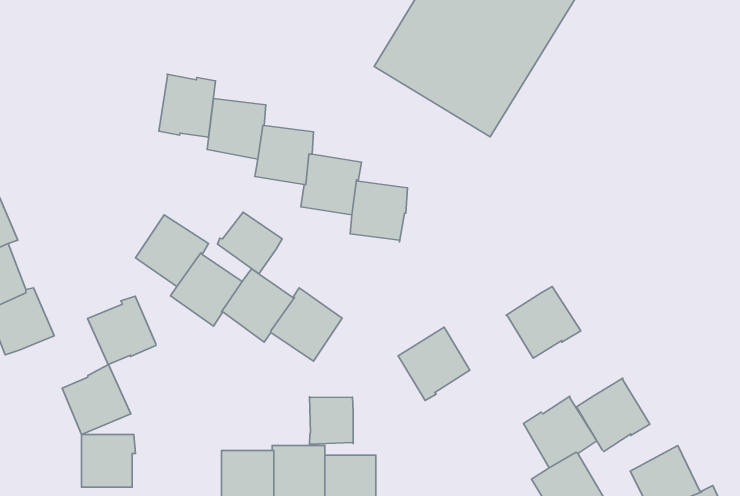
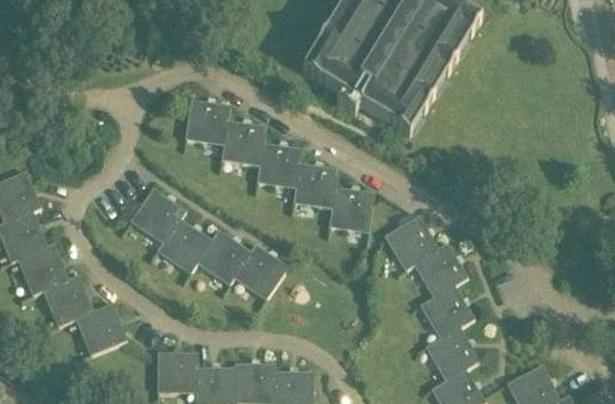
building: [159,74,216,137] -> none
building: [217,212,282,274] -> none
building: none -> [329,187,373,232]
building: [87,296,156,365] -> [42,275,94,327]
building: [398,327,470,401] -> [384,215,439,271]
building: [577,378,650,451] -> [419,284,475,340]
building: [310,397,353,444] -> none
building: [81,435,135,487] -> [157,353,198,393]

